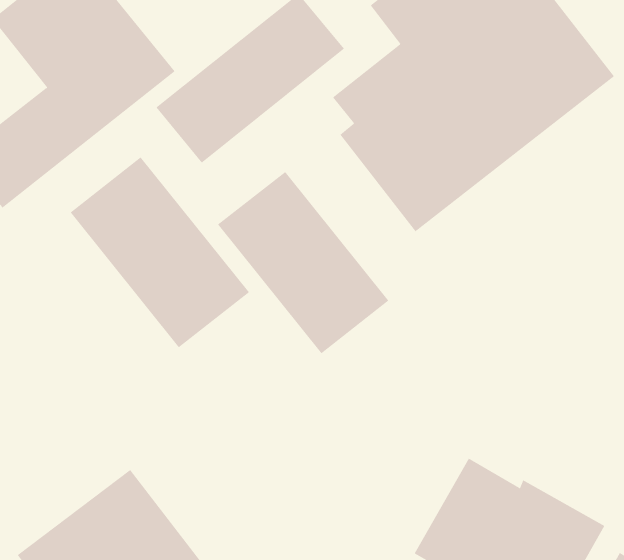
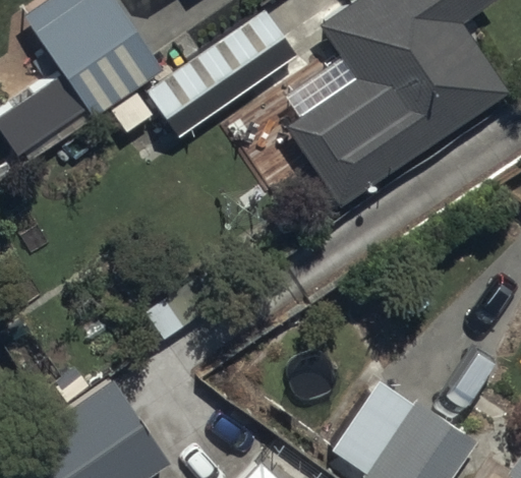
building: [70,157,250,348] -> none
building: [217,171,389,354] -> none

